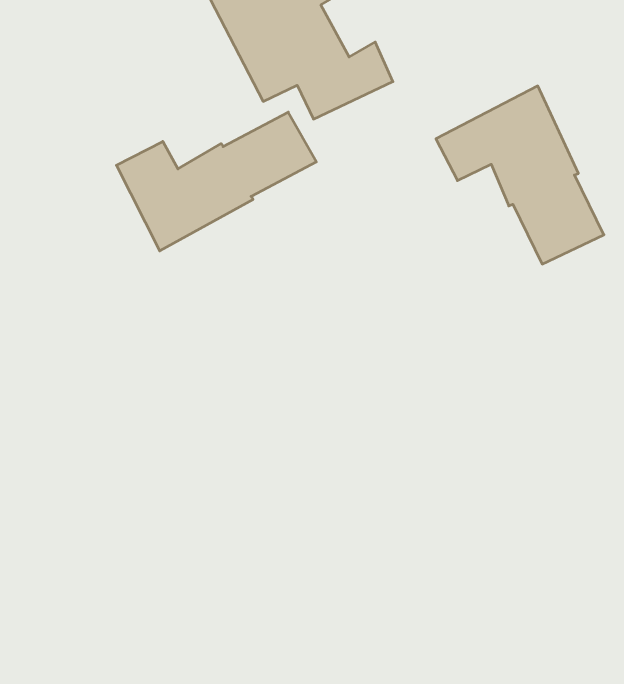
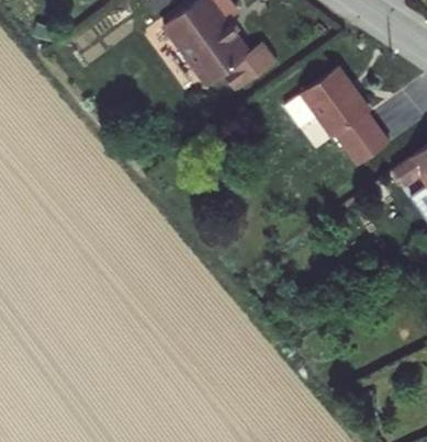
building: [116,112,316,251] -> none

